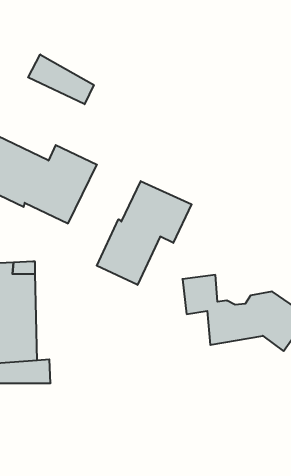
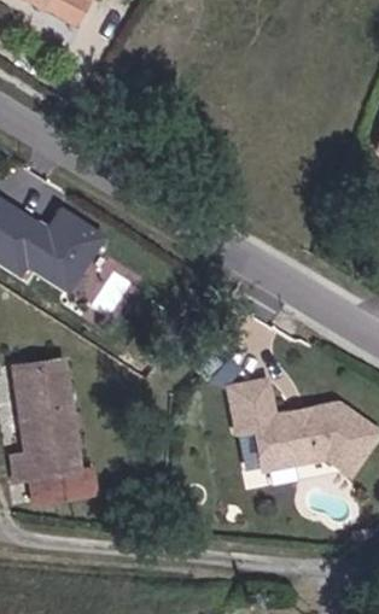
building: [28,54,94,104] -> none
building: [97,181,192,285] -> none

